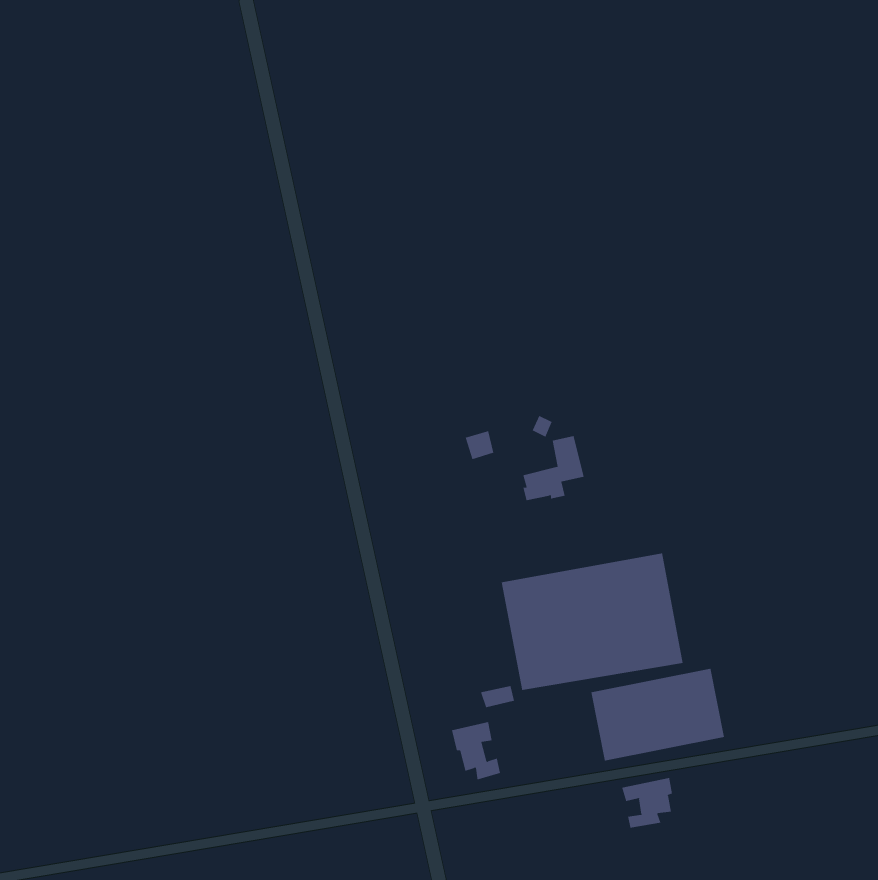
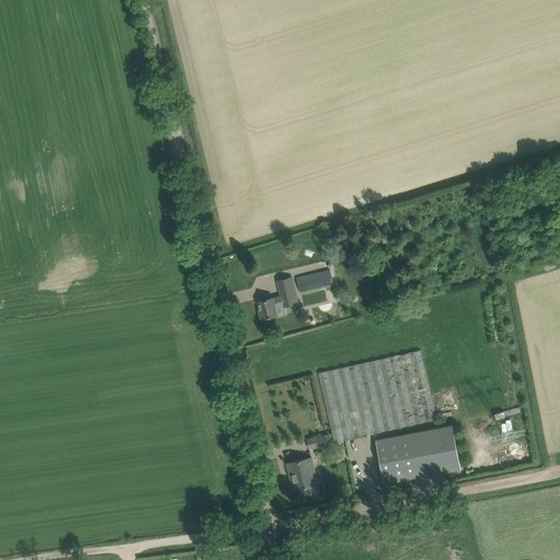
building: [522,435,584,501] -> [258,277,298,318]
building: [622,777,672,828] -> none

